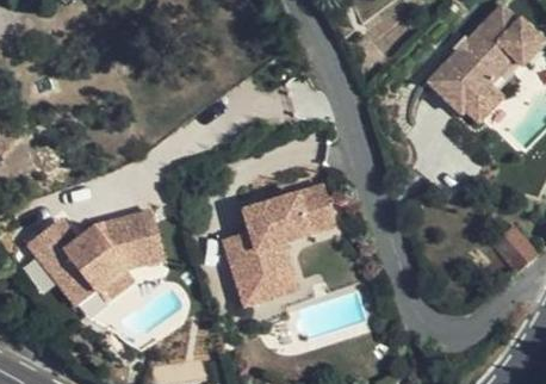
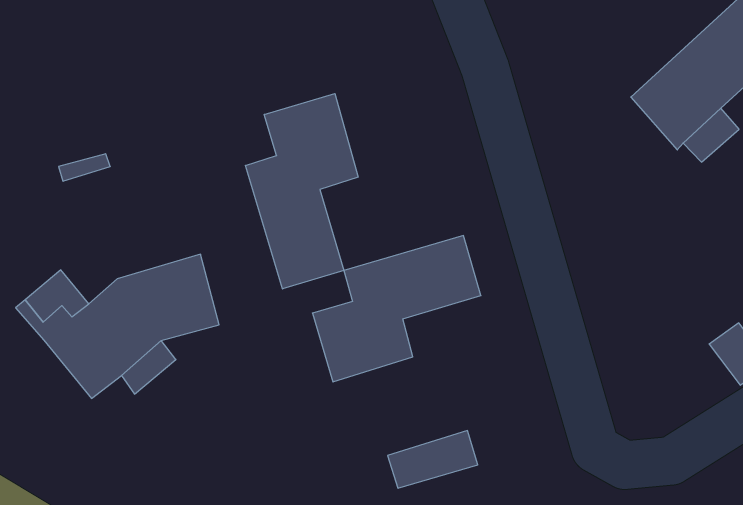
building: none -> [245,94,358,289]
building: [241,265,302,306] -> [388,431,478,488]

